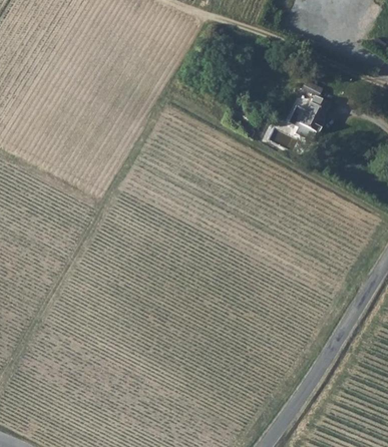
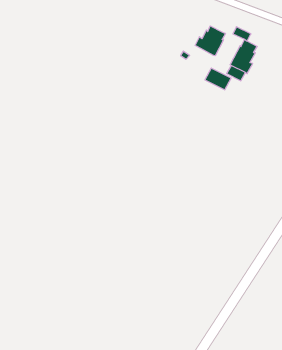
building: none -> [195,26,225,56]

